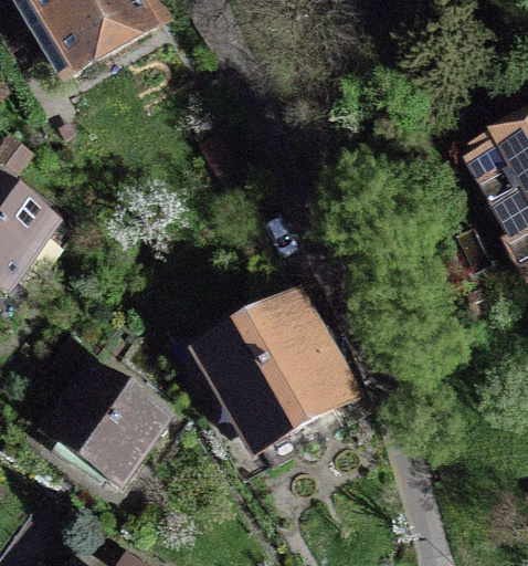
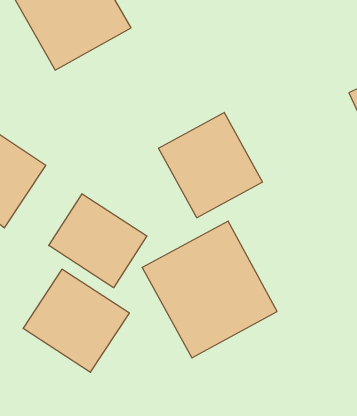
building: none -> [159,112,262,218]
building: none -> [49,194,147,288]

